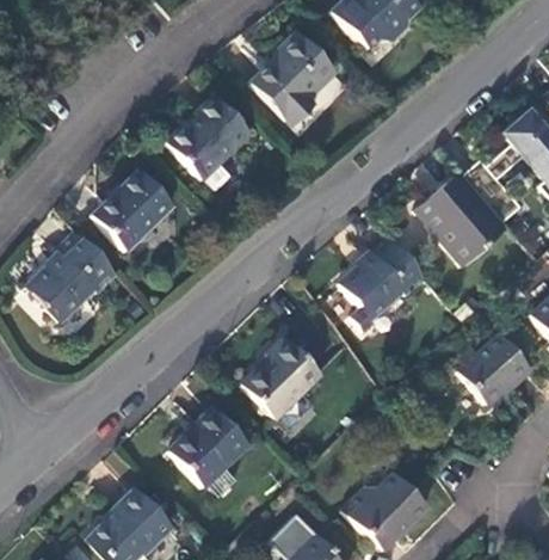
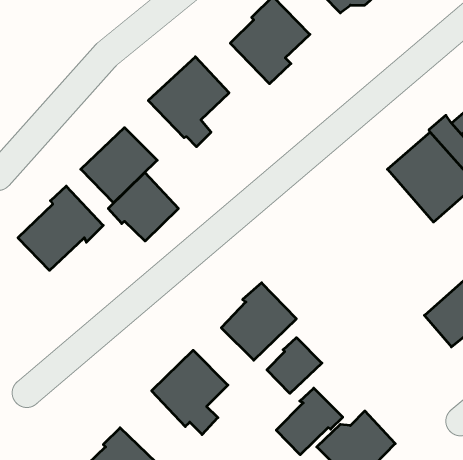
building: none -> [108,172,178,241]
building: [339,236,426,316] -> none
building: none -> [267,338,322,393]
building: none -> [276,388,343,455]

